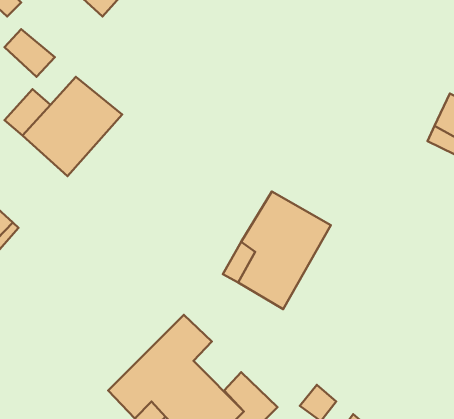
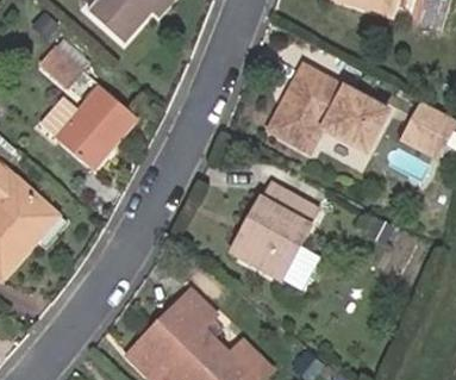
building: none -> [267,60,389,149]

